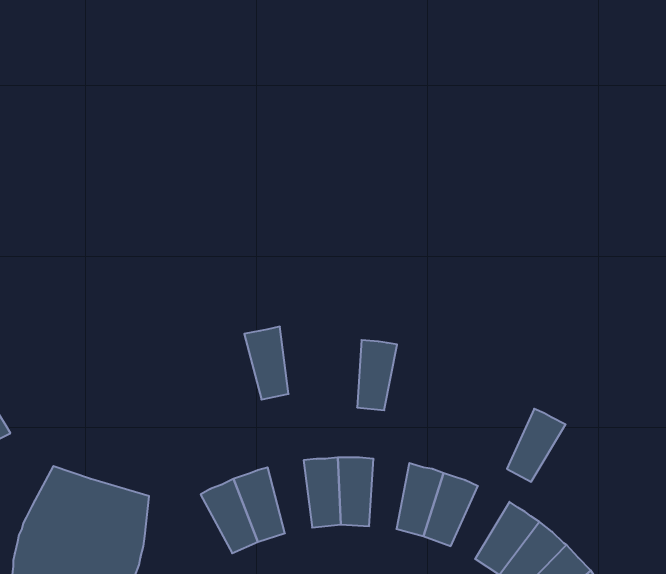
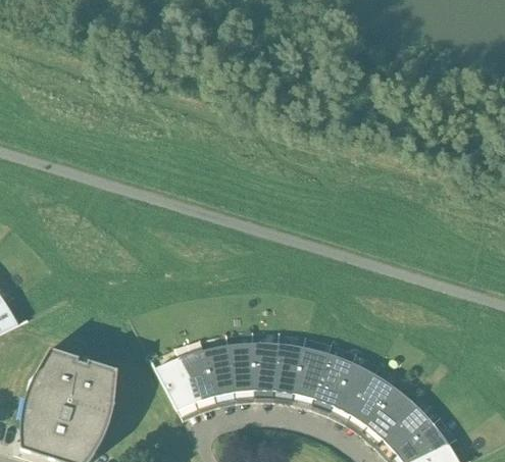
building: [244,327,289,400] -> [203,344,235,396]
building: [357,340,397,410] -> [275,343,304,393]
building: [507,409,566,482] -> [334,362,375,414]

